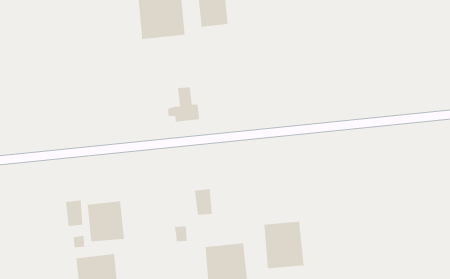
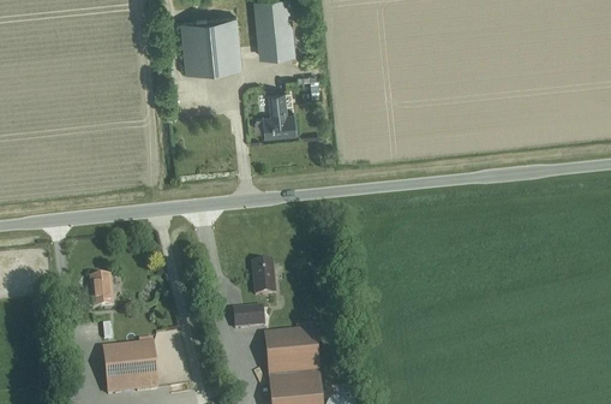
building: [168,87,200,123] -> [256,91,296,137]
building: [87,201,125,242] -> none
building: [264,221,304,269] -> none

